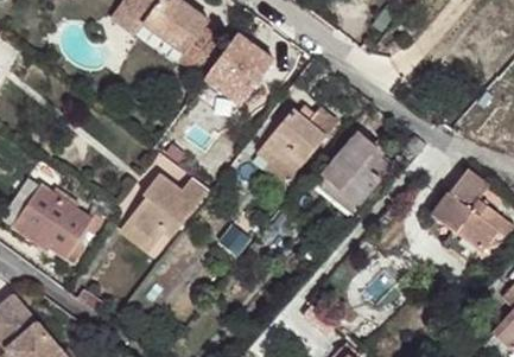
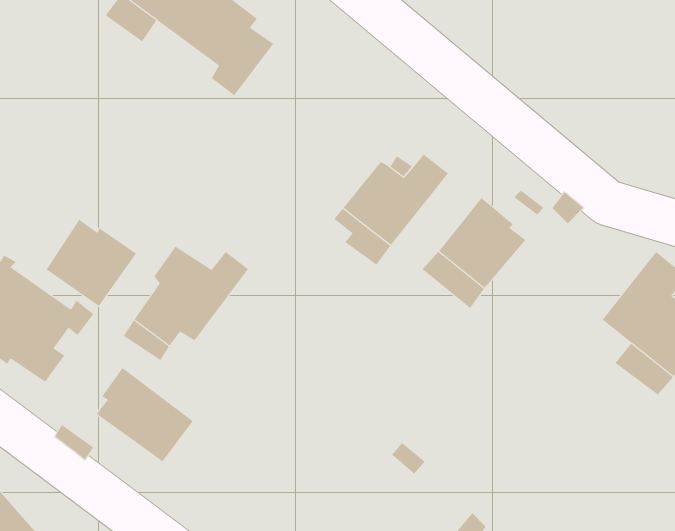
building: [191,45,260,116] -> none
building: none -> [46,219,137,307]
building: none -> [96,367,194,462]

